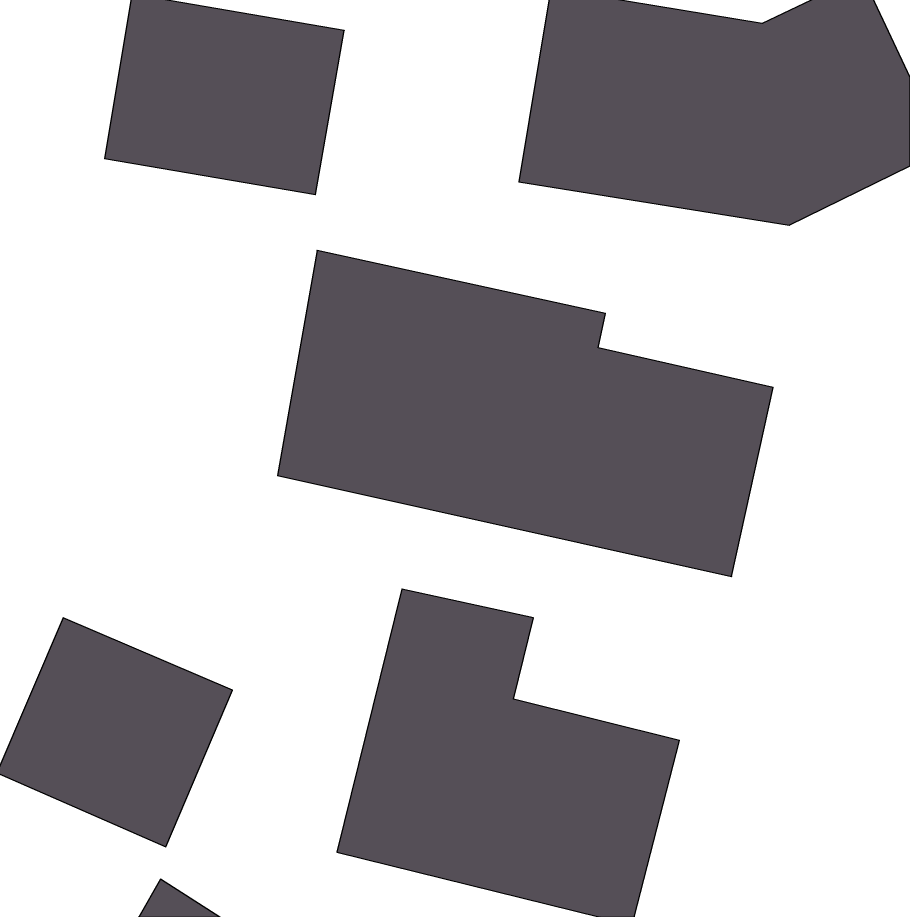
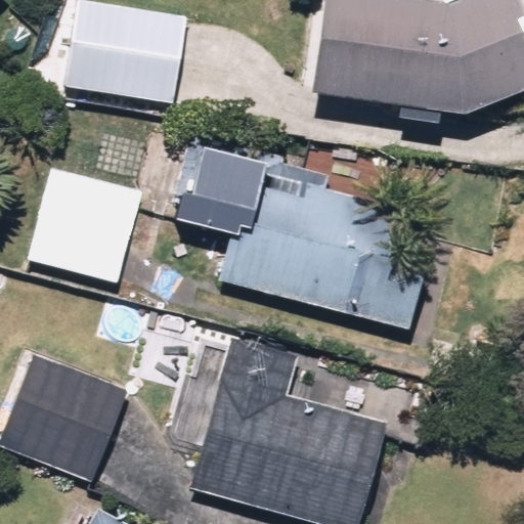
building: none -> [28,168,134,279]

